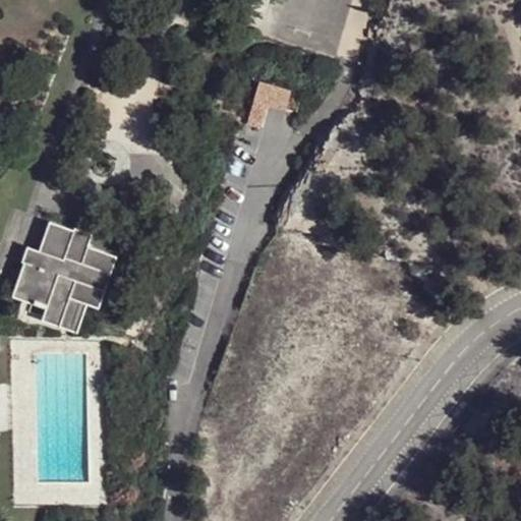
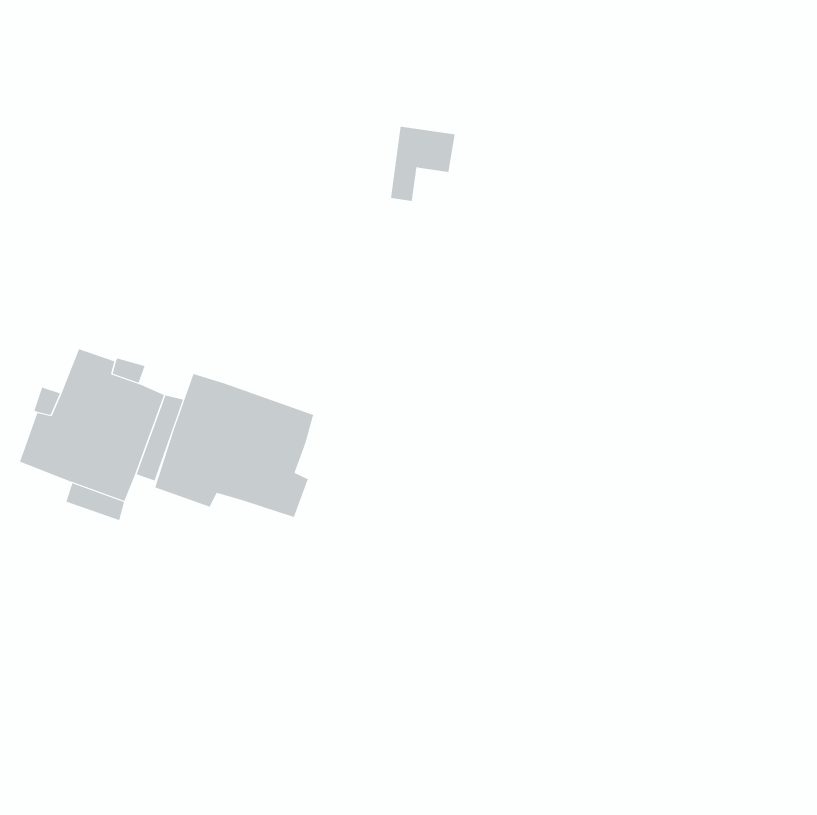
building: none -> [155,373,314,518]

